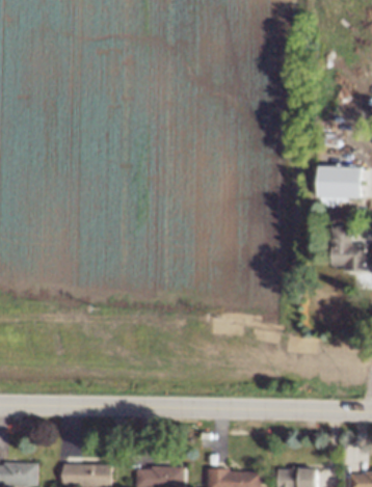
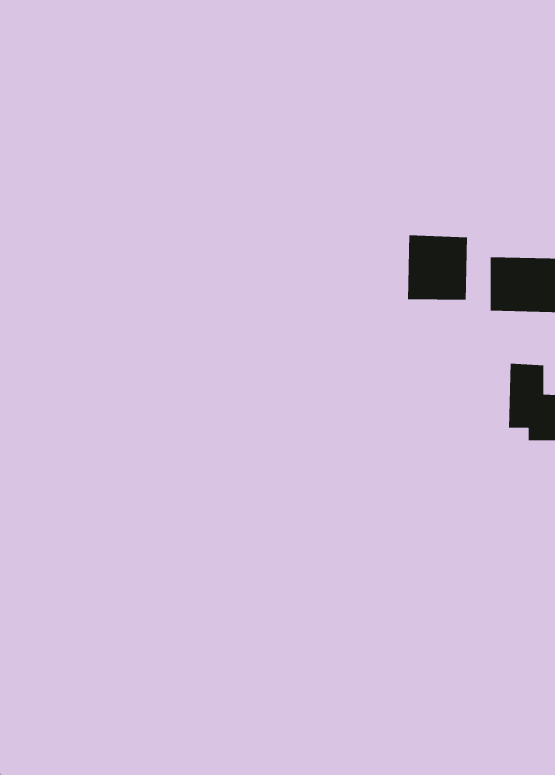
building: none -> [407,234,468,301]

